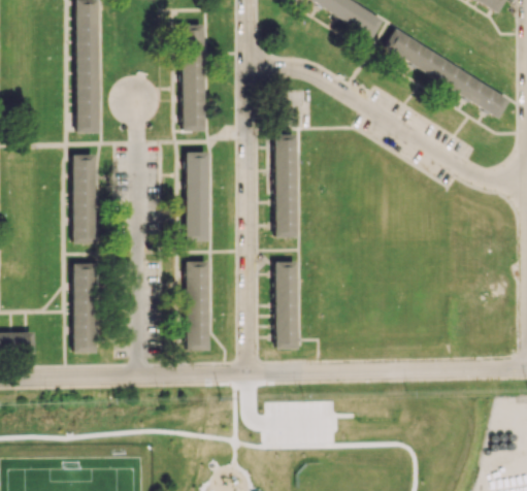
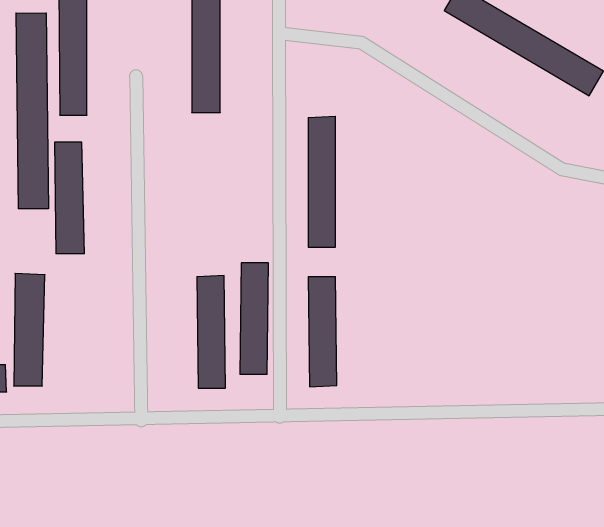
building: none -> [16,13,48,209]
building: [187,153,209,241] -> [240,263,268,374]
building: [73,263,98,353] -> [14,273,45,386]

